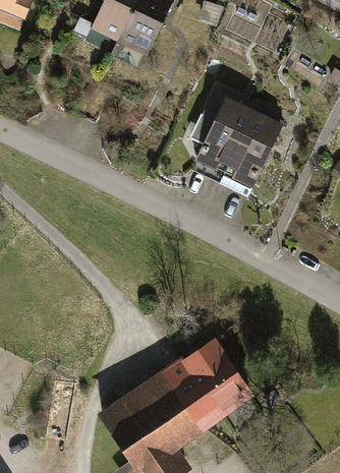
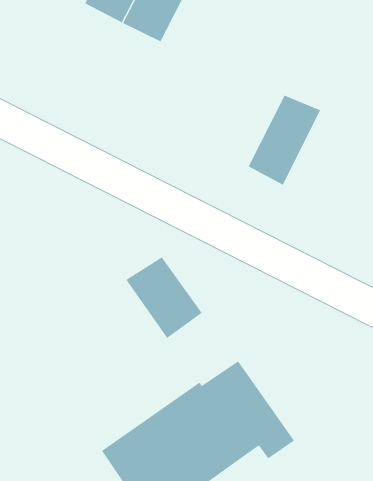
building: [189,93,253,171] -> none
building: none -> [125,257,202,339]

